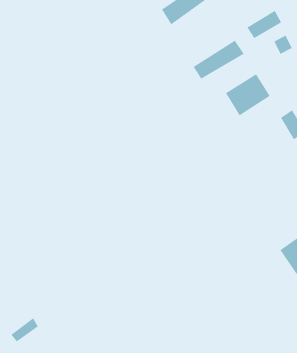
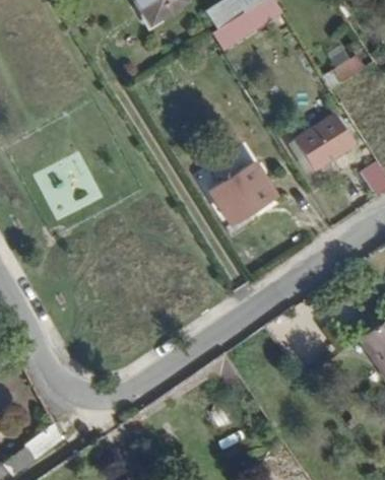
building: [193,40,244,79] -> none
building: none -> [210,160,271,220]

